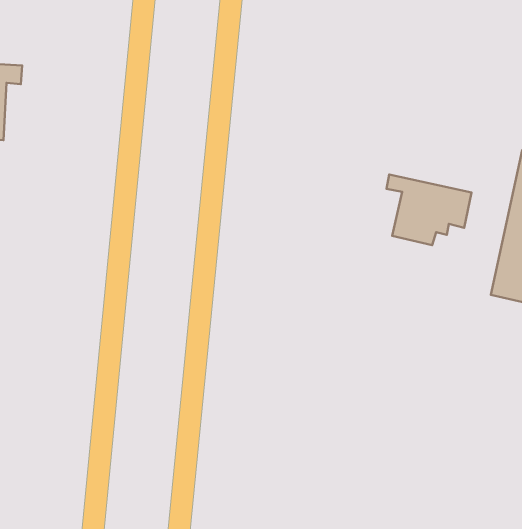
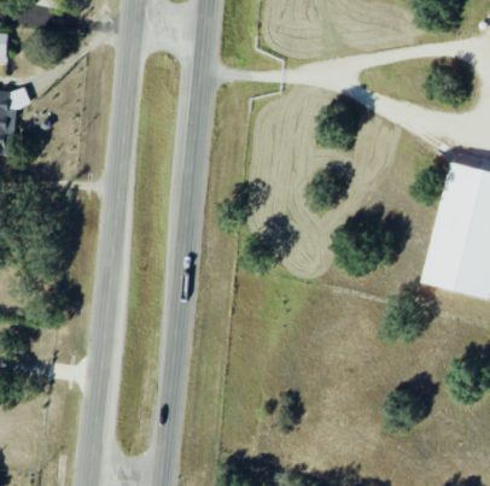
building: [386,175,471,245] -> none

